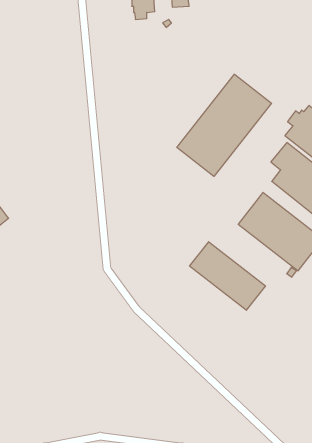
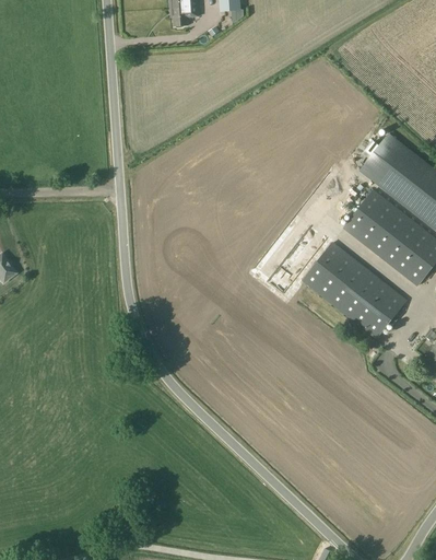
building: [177,74,271,176] -> none
building: [190,242,265,310] -> none

